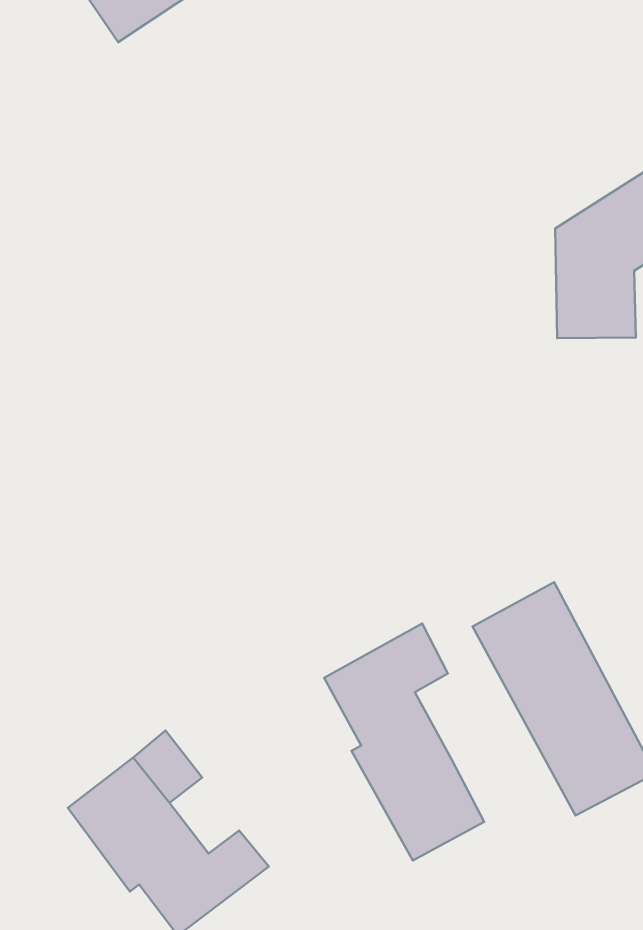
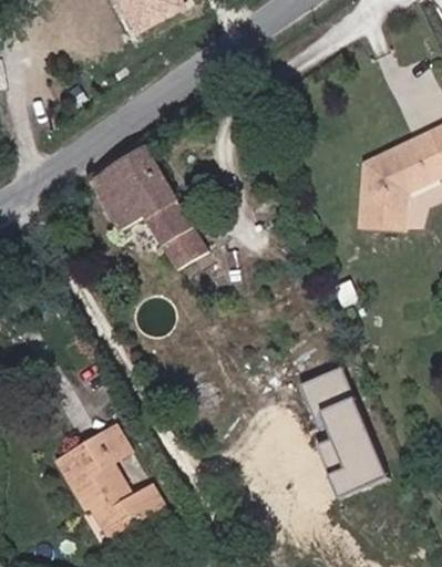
building: none -> [92,145,208,269]
building: [324,623,484,860] -> none

